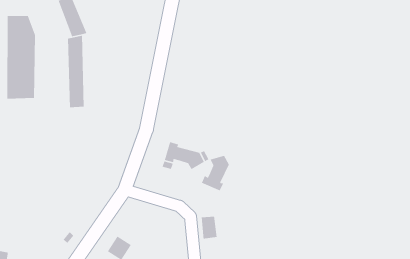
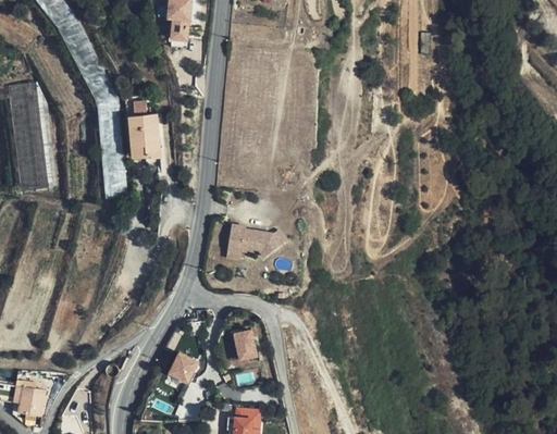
building: none -> [120,109,153,157]
building: [201,155,230,192] -> none
building: [201,216,218,240] -> [235,327,259,359]

